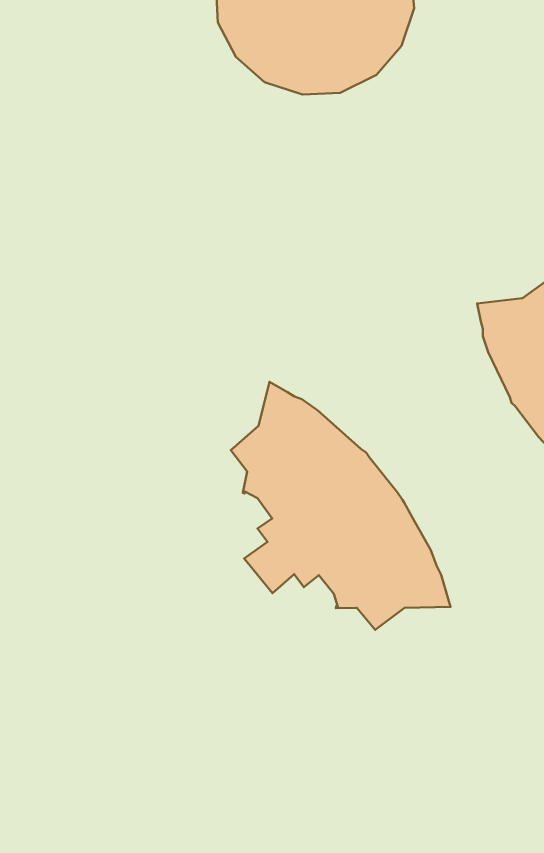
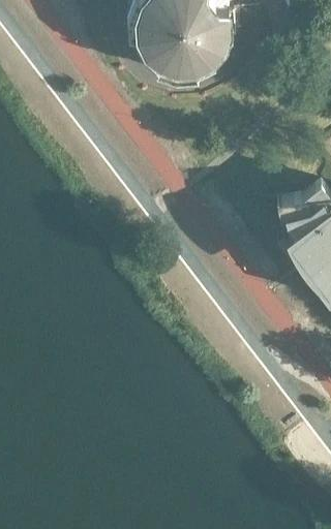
building: [231,382,451,630] -> none

